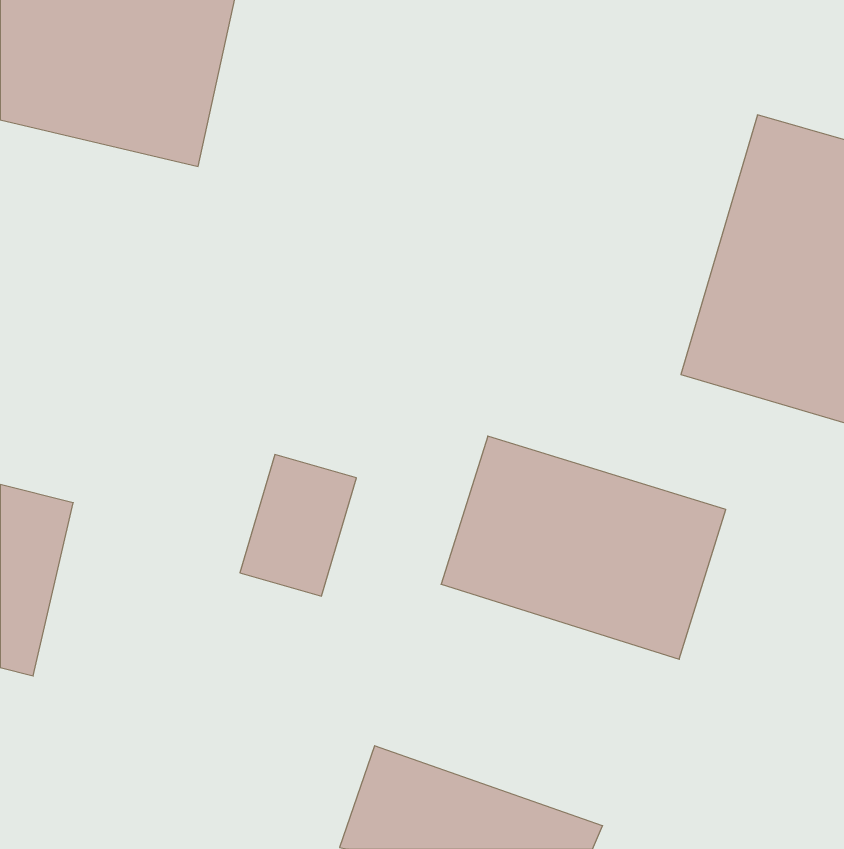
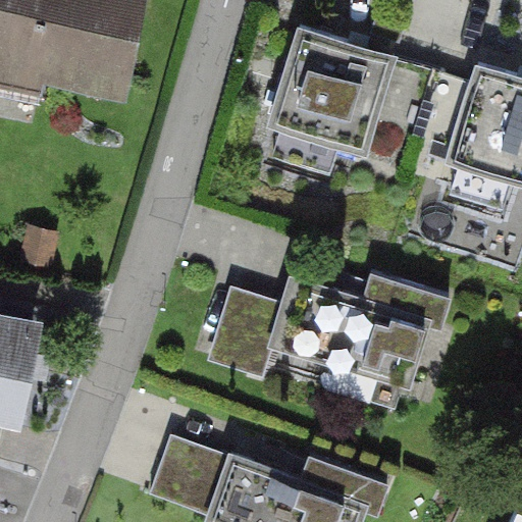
building: none -> [253,23,398,188]
building: [240,455,356,596] -> [212,289,283,375]
building: none -> [155,436,228,514]

